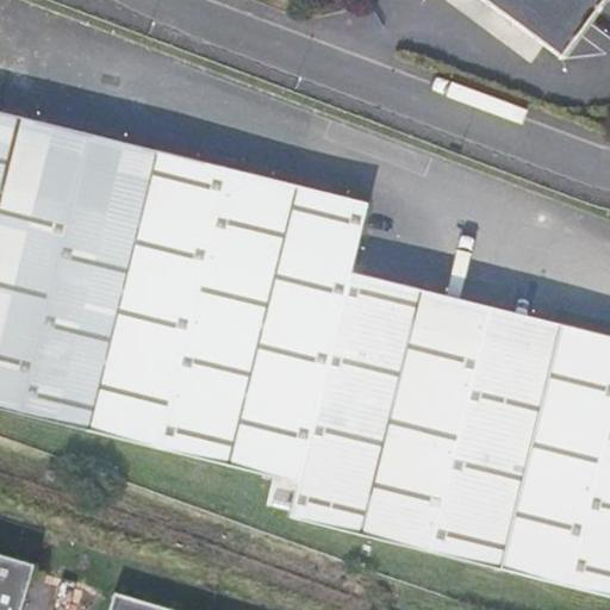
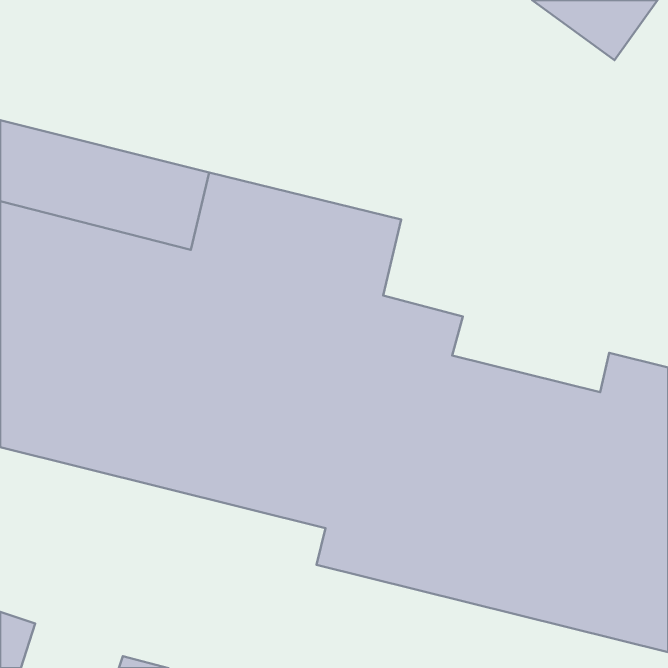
building: [412,288,555,357] -> none

